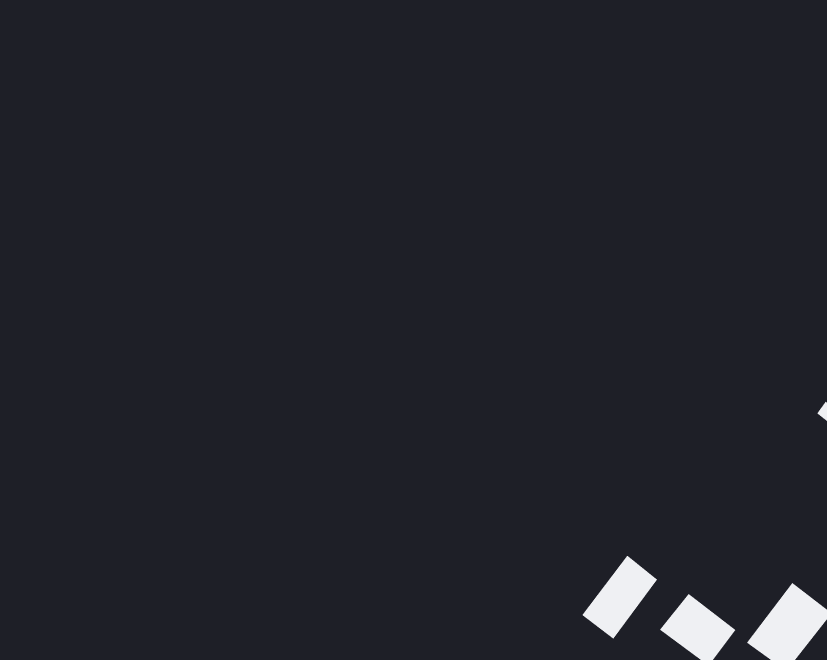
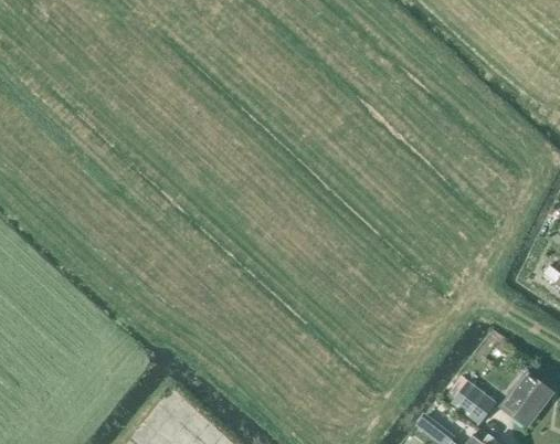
building: [581,555,658,640] -> none

